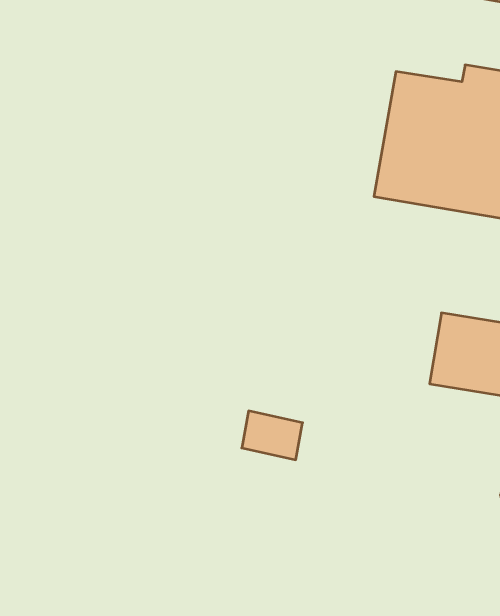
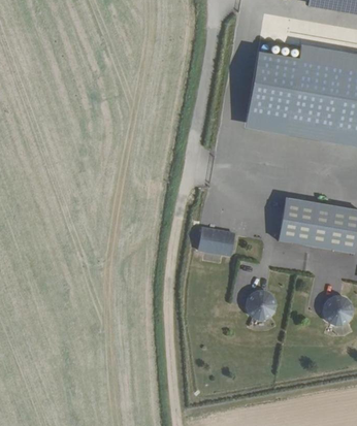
building: [242,411,303,460] -> [198,226,235,256]
building: none -> [247,289,278,320]

